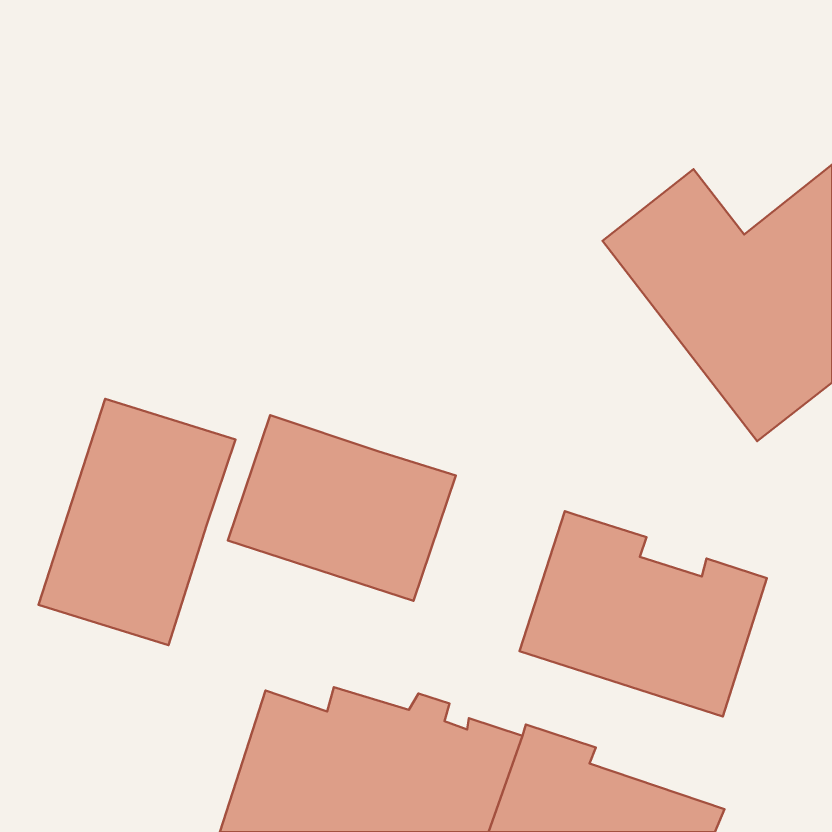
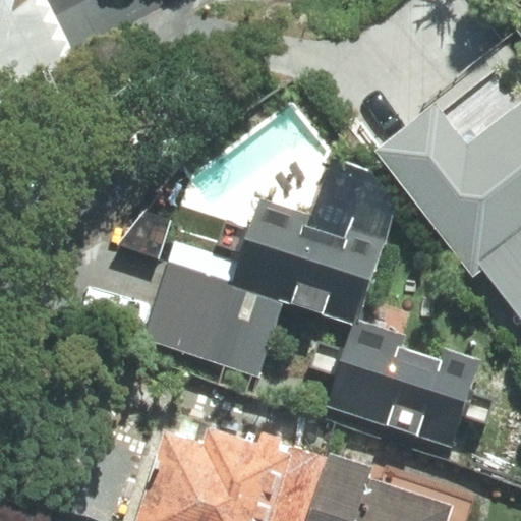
building: none -> [236,158,395,322]
building: [38,399,235,645] -> none

